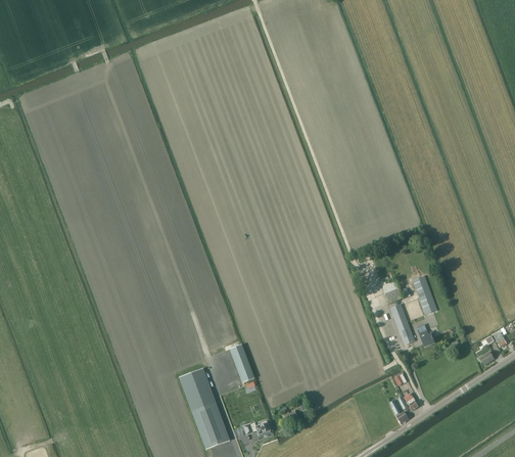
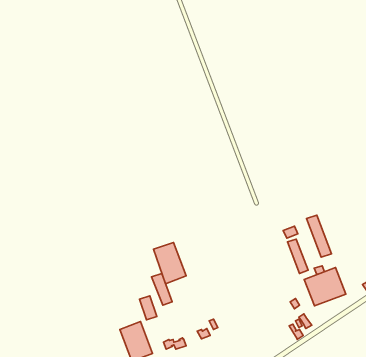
building: none -> [304,268,346,306]
building: [177,362,216,411] -> [154,242,186,284]

